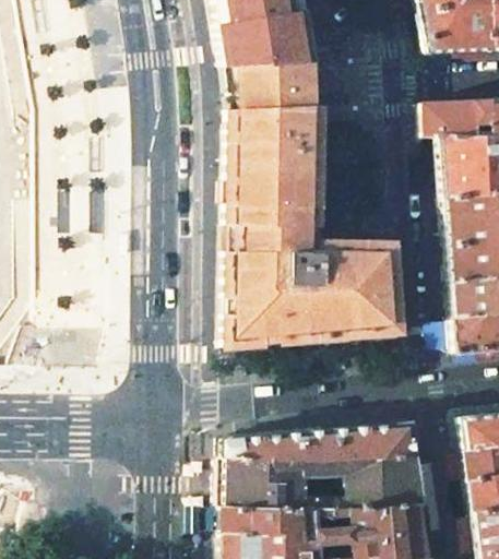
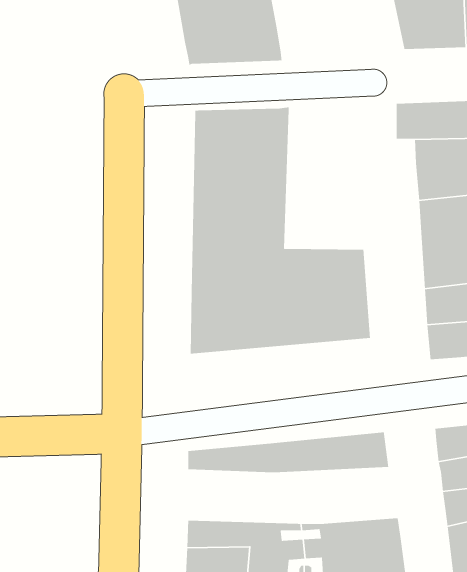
building: [228,64,312,111] -> none
building: [224,456,426,510] -> none

